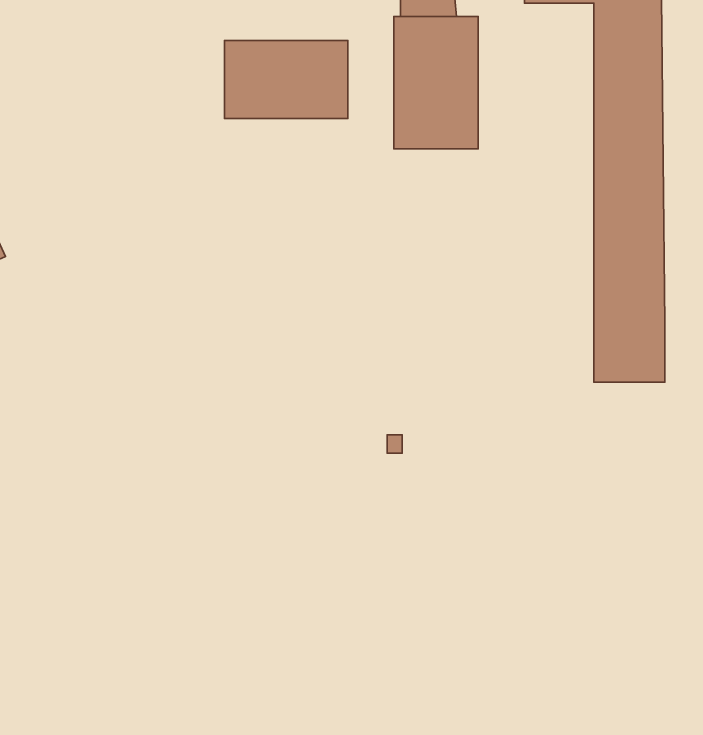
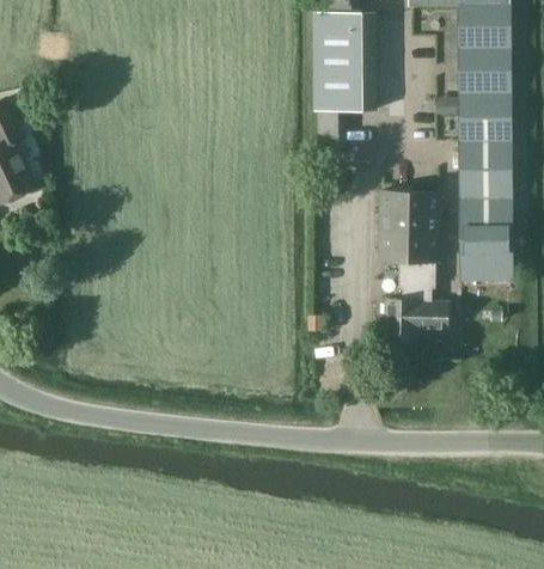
building: [224,41,348,118] -> none
building: none -> [379,192,447,342]

